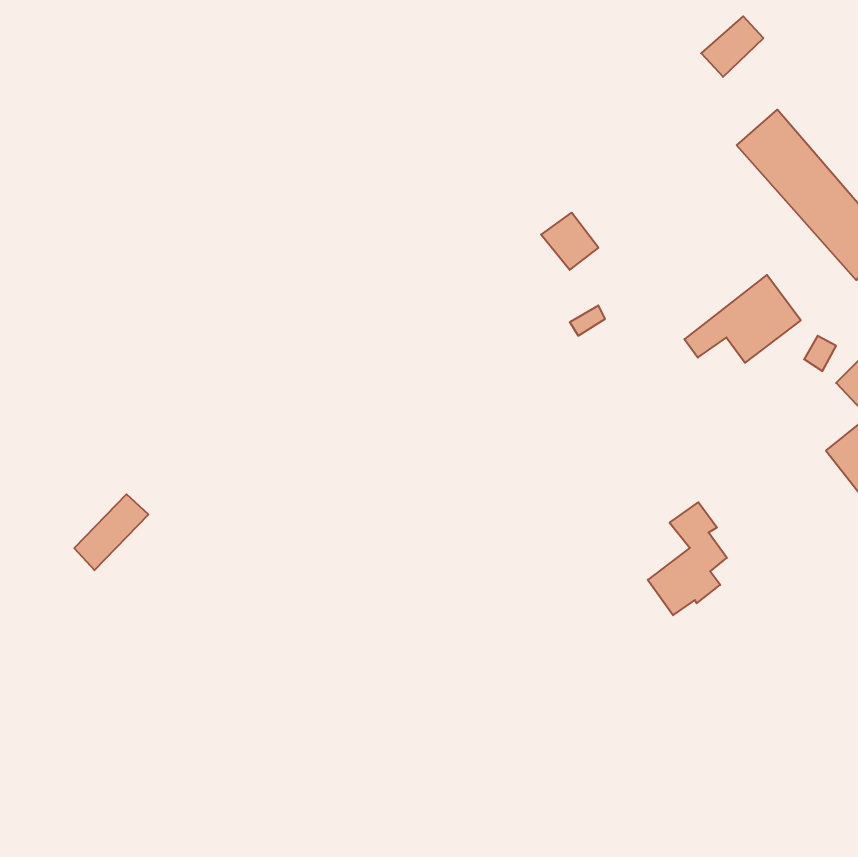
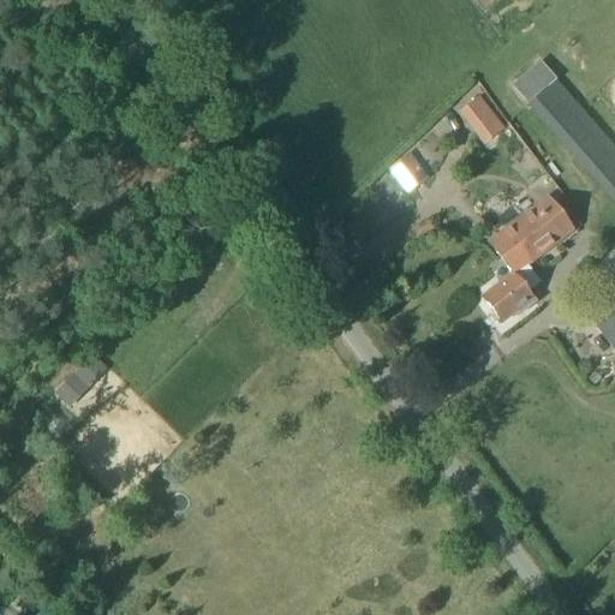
building: [701,16,763,77] -> [515,52,560,95]
building: none -> [465,89,510,138]
building: [648,502,727,615] -> [484,240,541,321]

